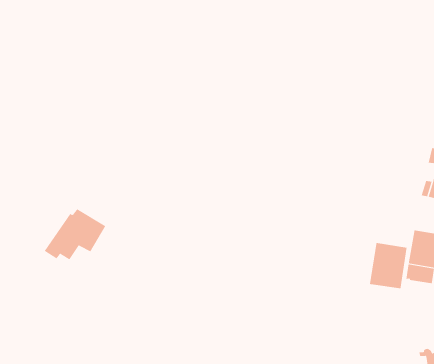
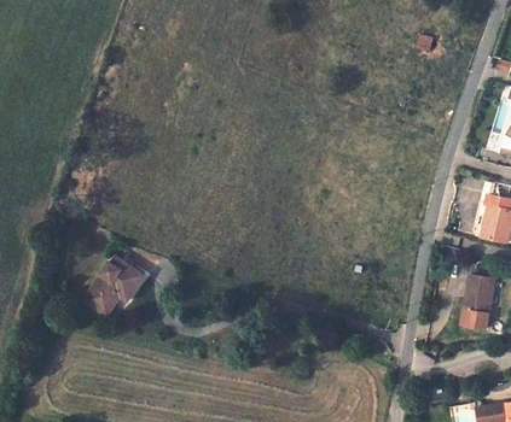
building: [369,242,407,289] -> none

